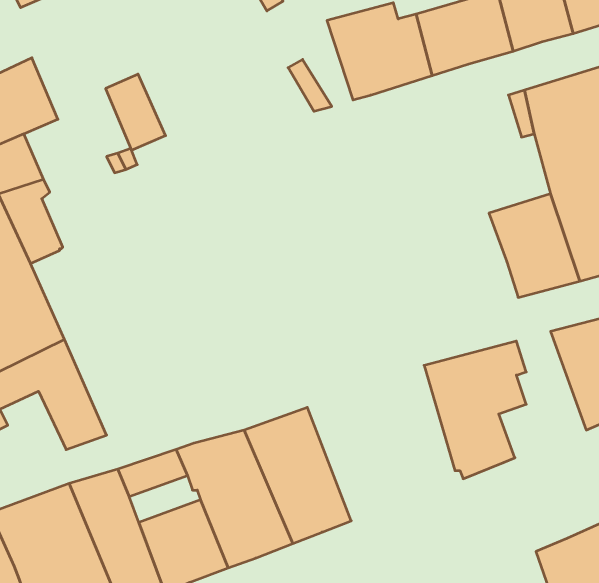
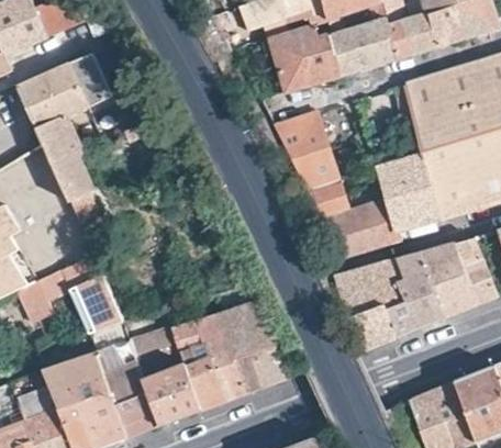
building: [106,74,166,150] -> [69,54,110,105]
building: none -> [274,113,403,254]
building: none -> [386,249,445,335]

